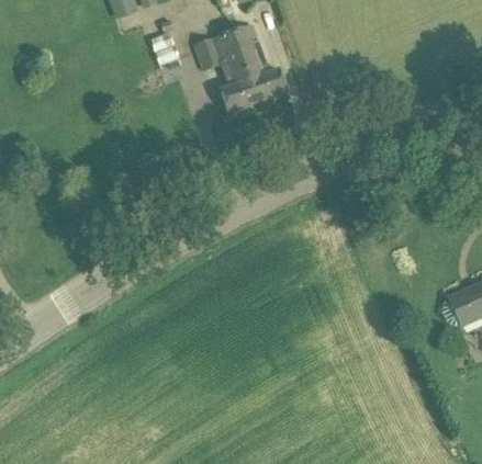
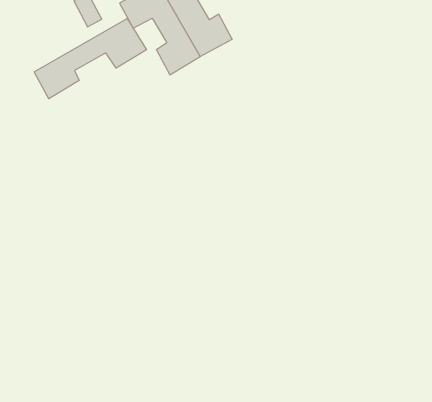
building: none -> [34,18,146,99]

